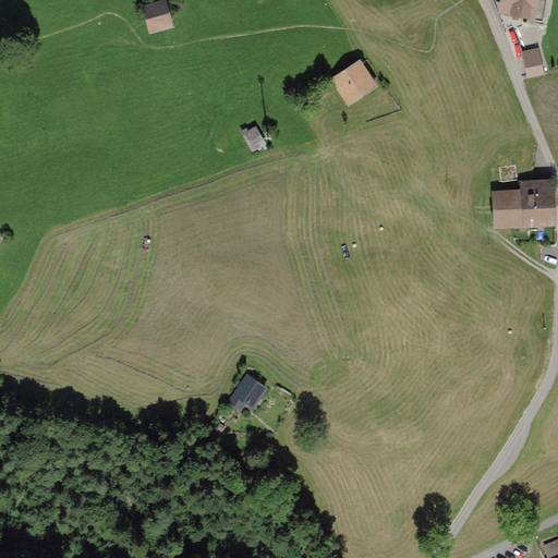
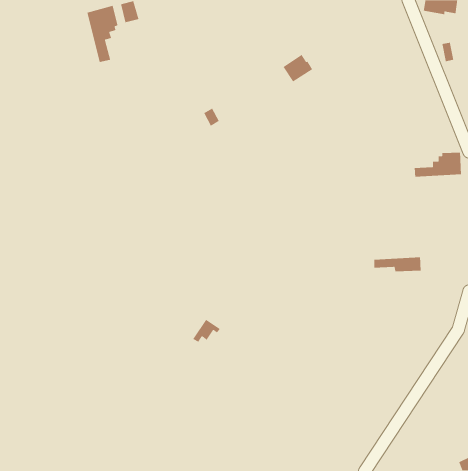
building: none -> [86,5,119,63]
building: [494,207,550,226] -> [374,256,422,272]

